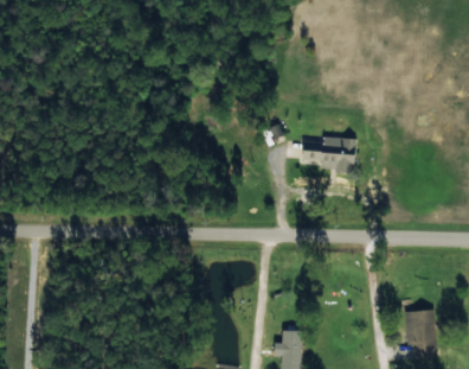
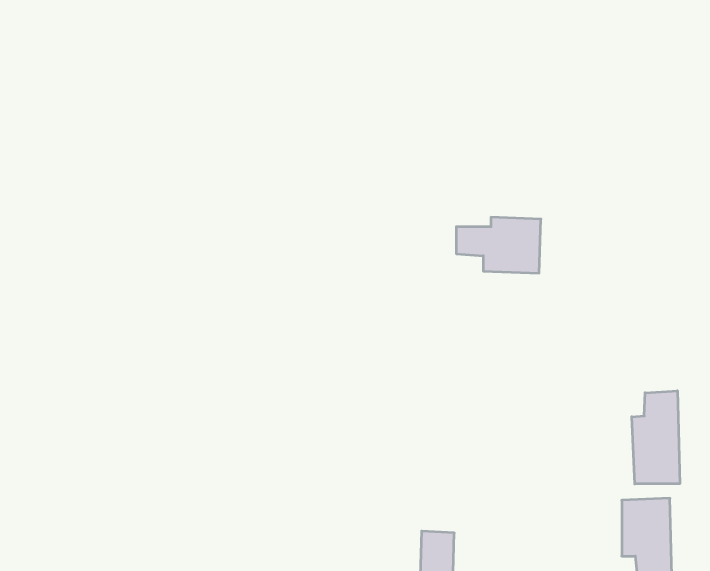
building: none -> [632,391,680,484]

